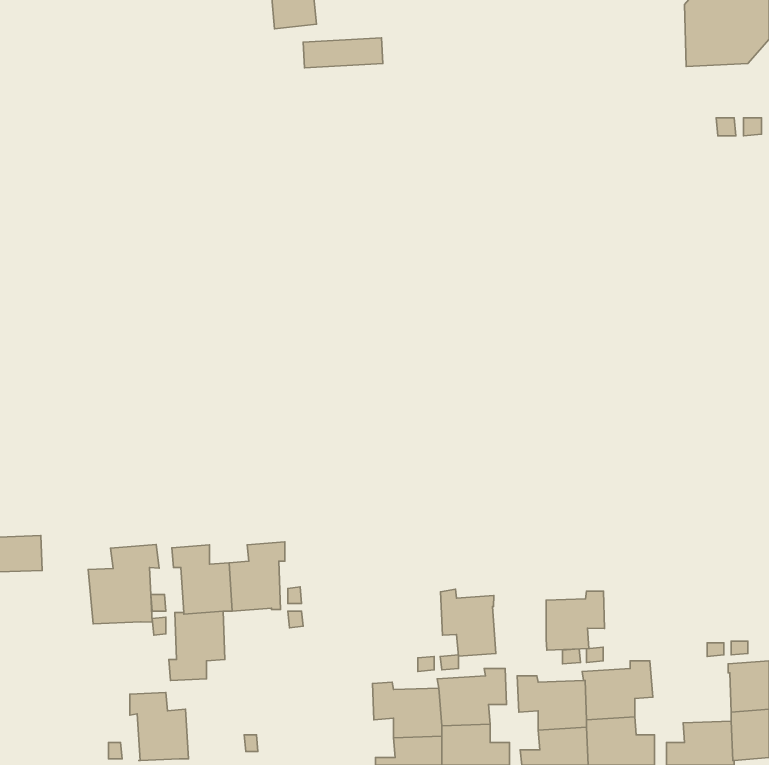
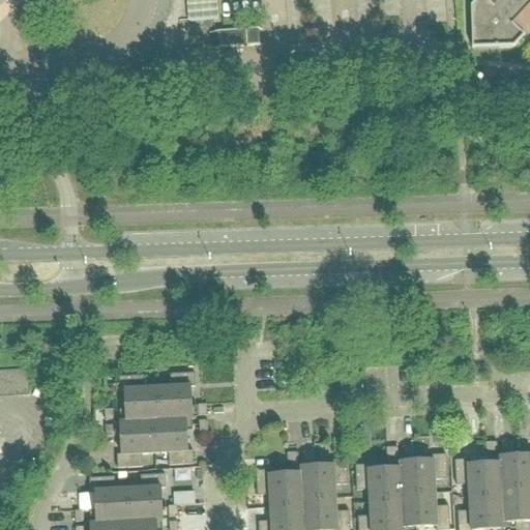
building: [88,545,159,624] -> none
building: [441,589,496,656] -> none
building: [546,591,605,650] -> none
building: none -> [153,417,194,465]
building: none -> [454,459,502,496]
building: none -> [127,472,166,521]

